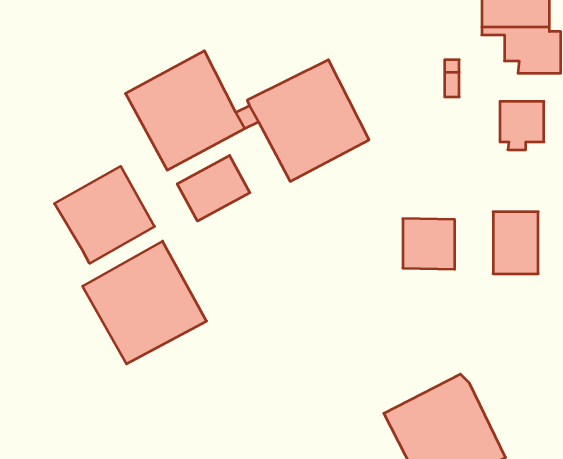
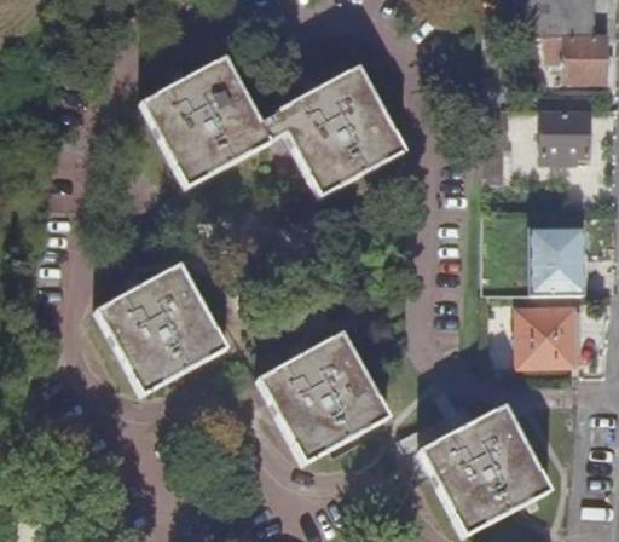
building: [177,155,250,221] -> none
building: [54,166,155,263] -> none
building: [403,219,455,269] -> [520,311,575,365]
building: none -> [256,330,388,460]

